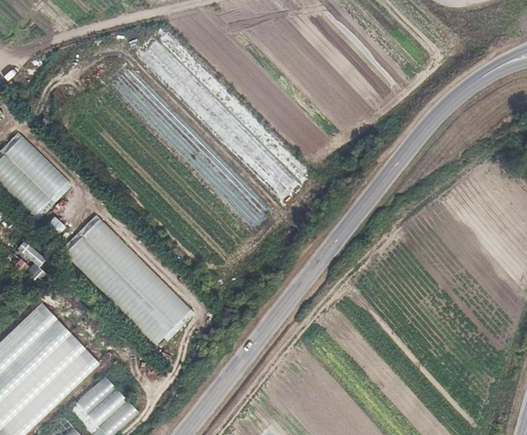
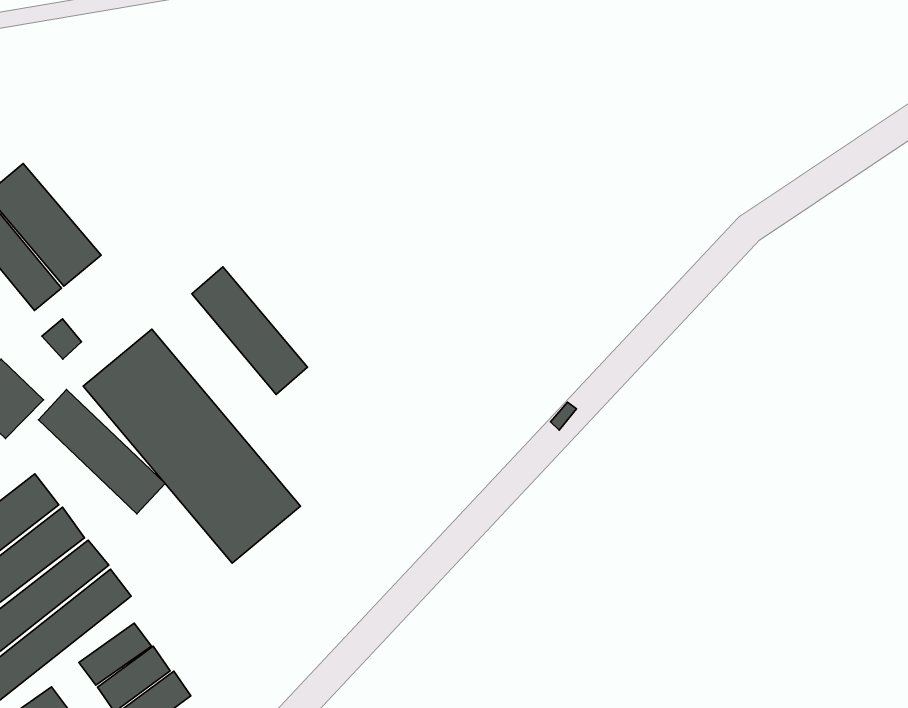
building: none -> [192,267,307,394]
building: none -> [38,389,165,514]

